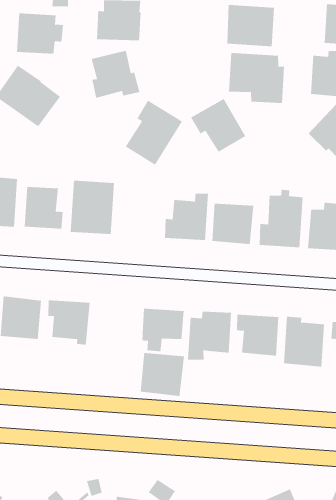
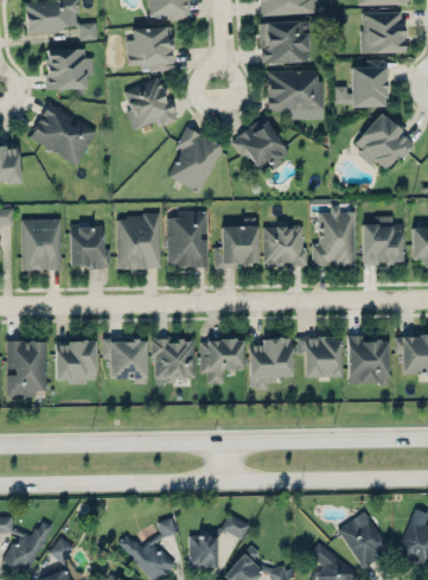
building: none -> [167,211,209,268]
building: [140,353,185,397] -> [153,339,196,381]

